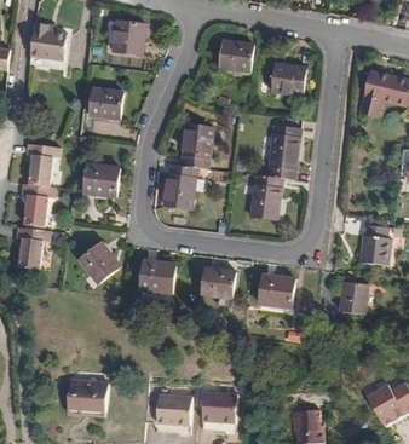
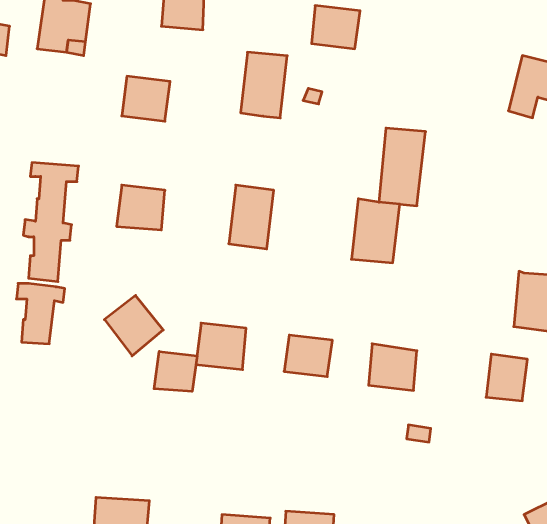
building: [271,62,304,93] -> none
building: [178,121,211,167] -> [241,52,287,118]
building: none -> [154,351,197,391]

